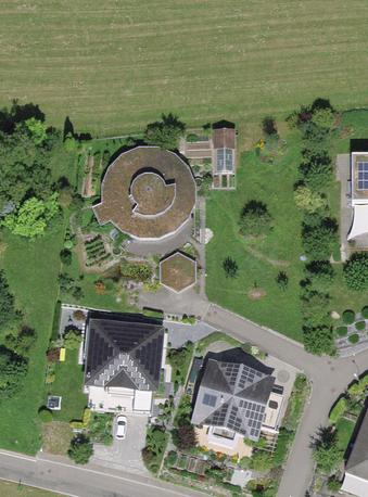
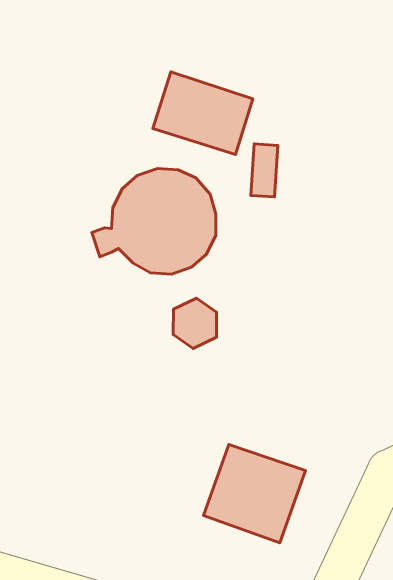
building: none -> [153,72,253,154]
building: [83,324,160,394] -> none

